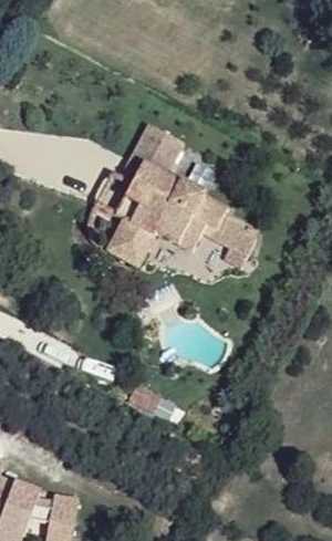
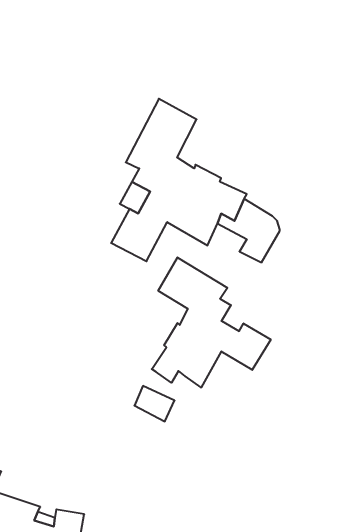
building: none -> [152,257,271,388]

